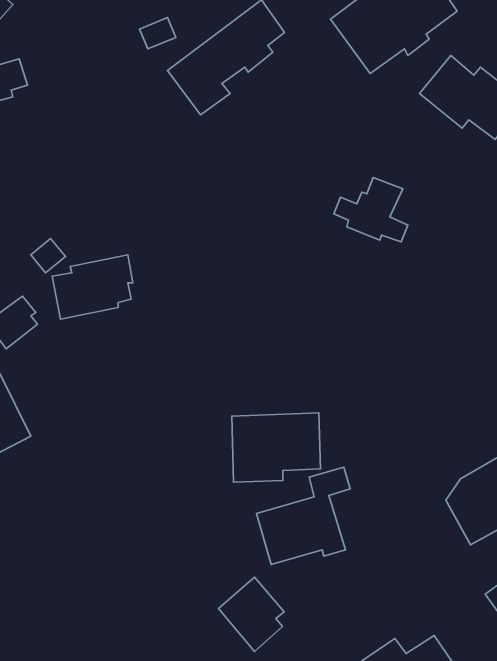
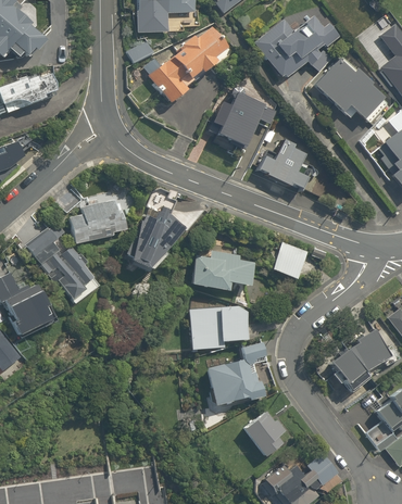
building: none -> [210,96,274,151]
building: none -> [127,210,183,265]
building: none -> [274,242,306,277]
building: none -> [46,244,102,304]
building: none -> [191,254,253,287]
building: [218,577,284,651] -> [243,408,287,457]

